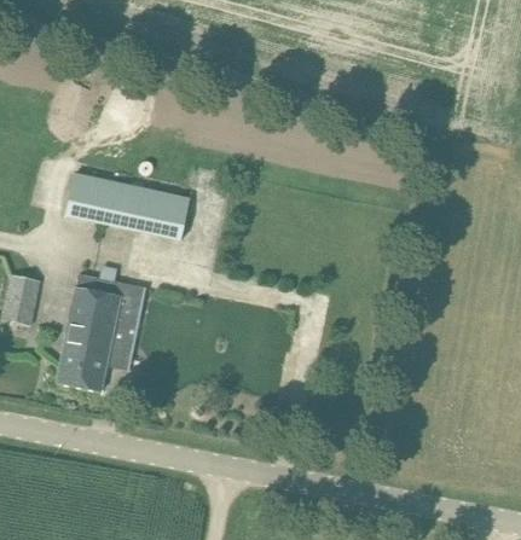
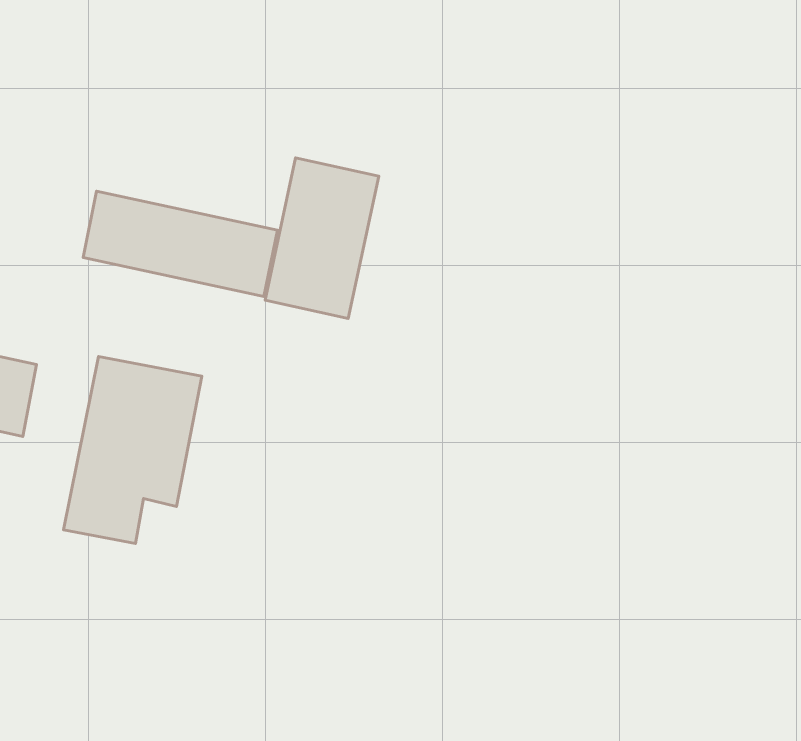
building: none -> [265,158,379,318]

